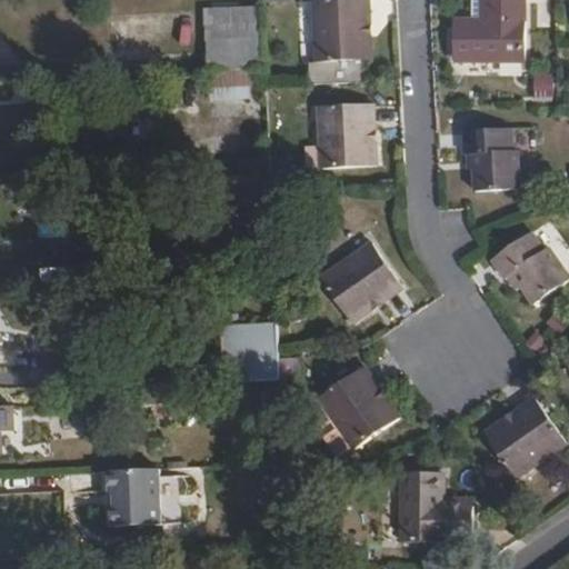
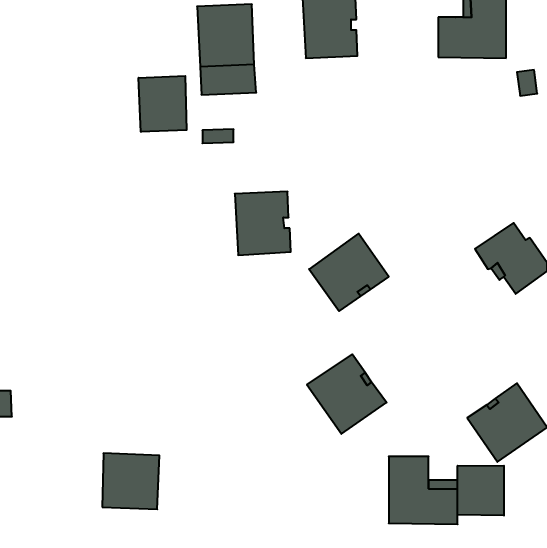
building: none -> [139,76,187,132]
building: [317,102,375,168] -> [235,192,291,255]
building: [461,127,519,190] -> none
building: [223,321,278,381] -> none
building: none -> [458,466,504,516]

